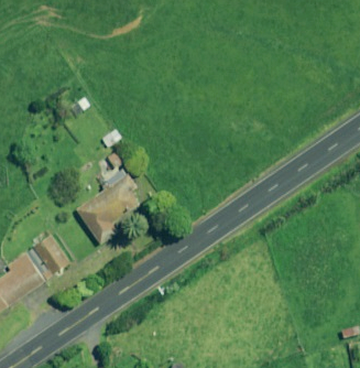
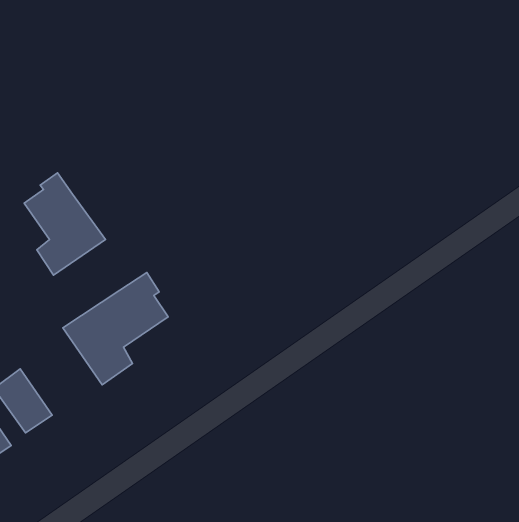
building: none -> [24,173,105,275]

